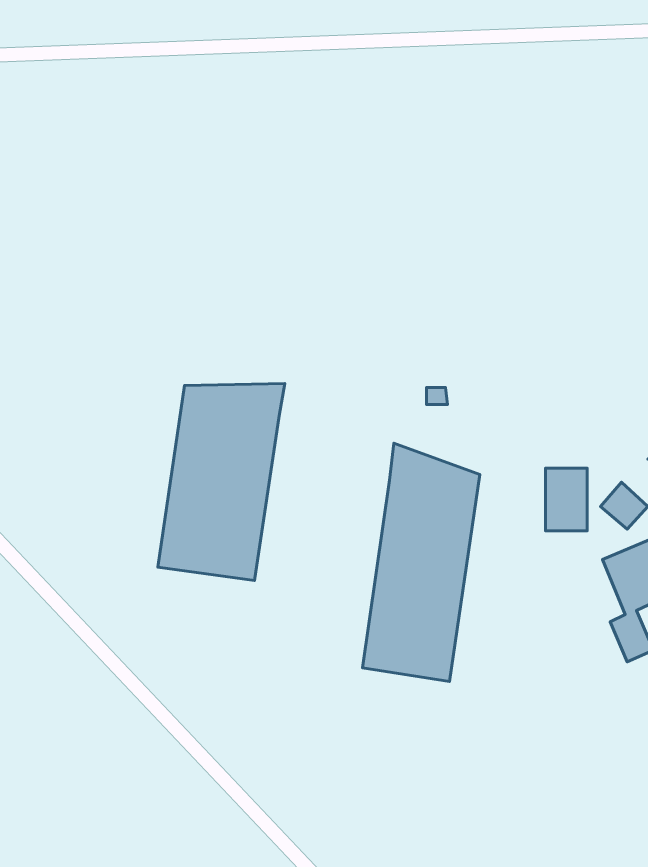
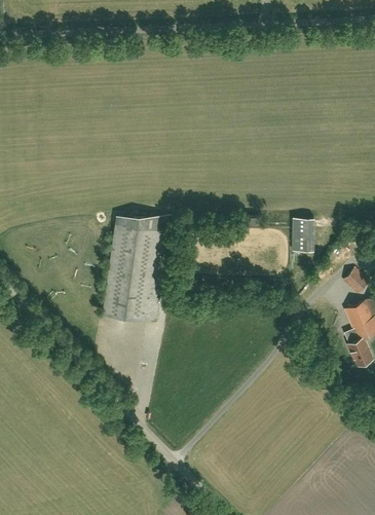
building: [363,443,480,681] -> none
building: [545,468,587,531] -> [290,217,312,251]

